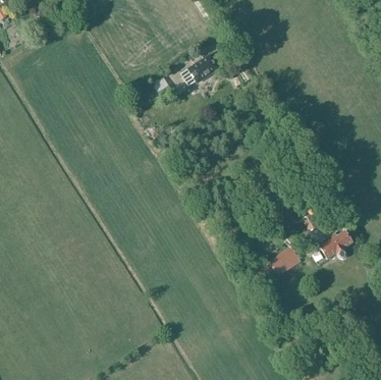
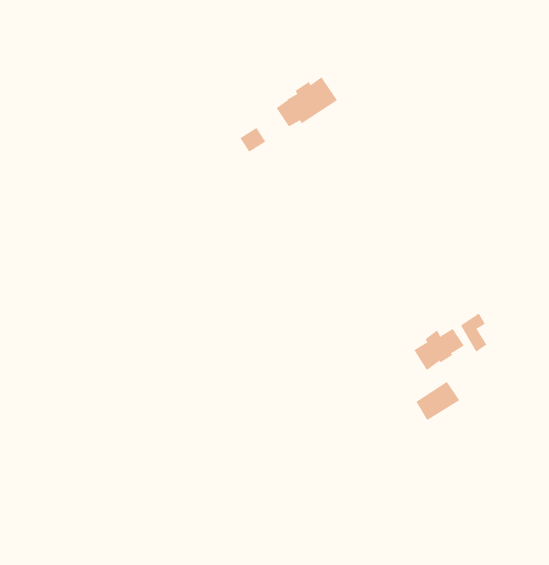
building: [319,231,351,259] -> [414,328,464,371]

